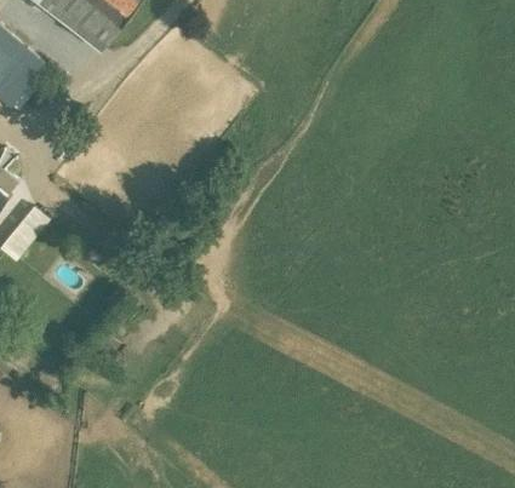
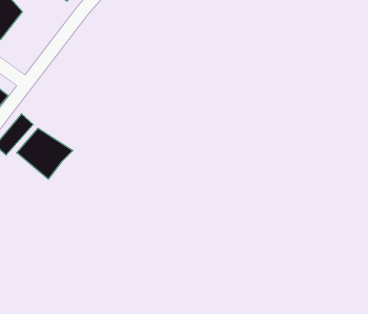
building: none -> [17,128,73,179]

